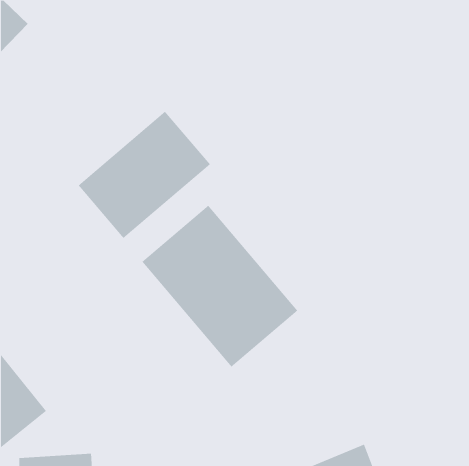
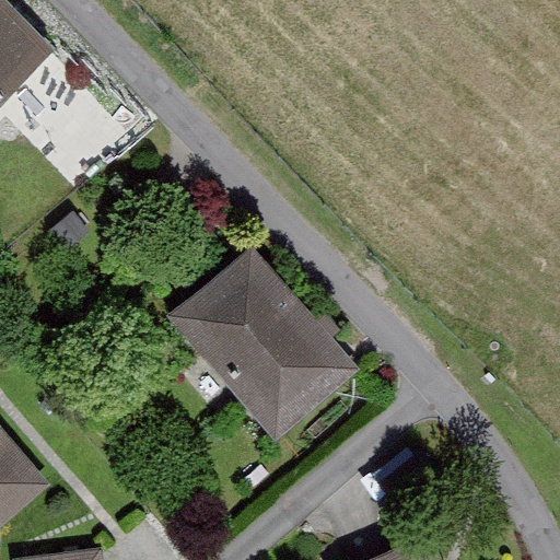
building: [78,111,211,239] -> none

